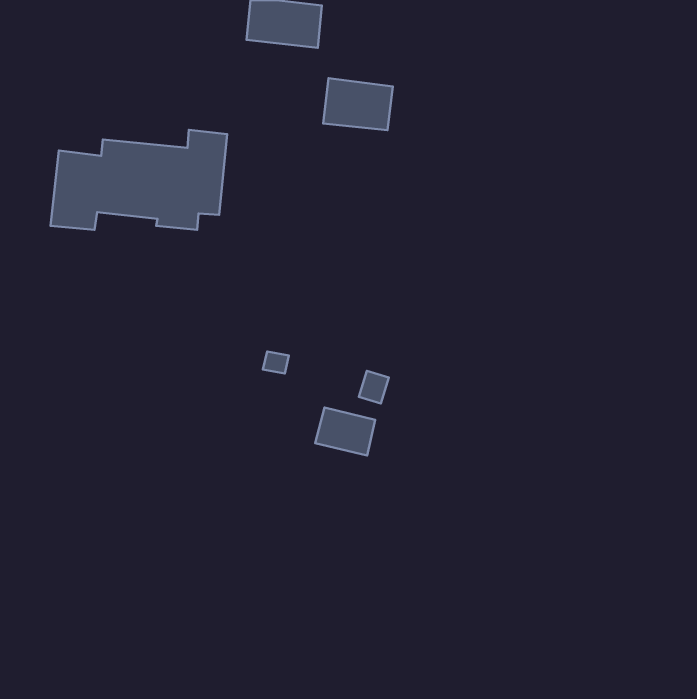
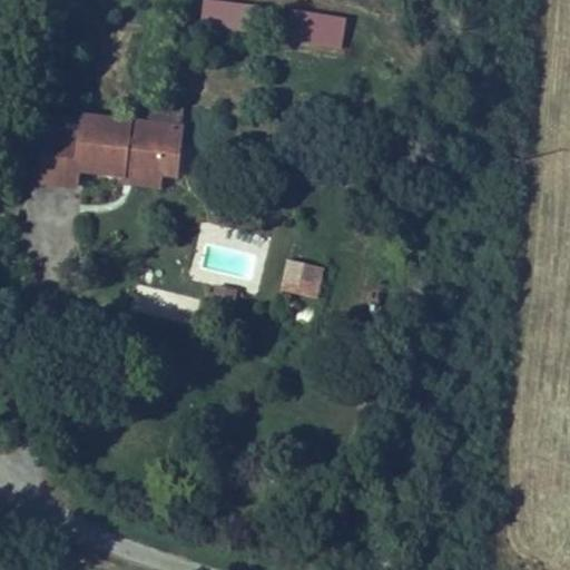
building: [323,78,393,130] -> [288,10,345,52]
building: [315,407,375,455] -> [276,259,325,298]

